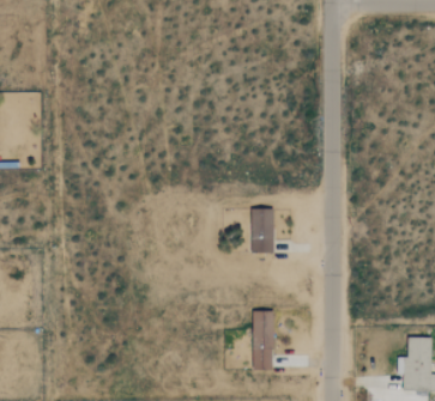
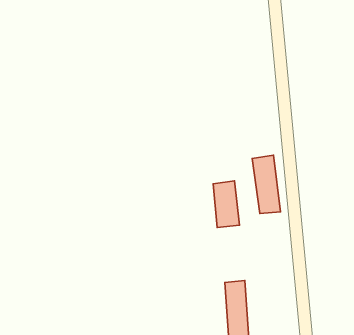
building: none -> [252,155,280,214]

